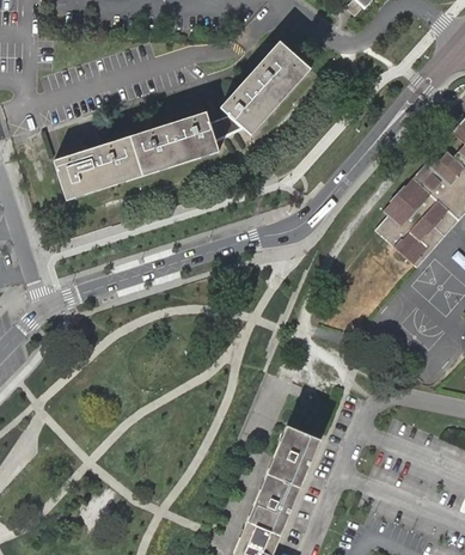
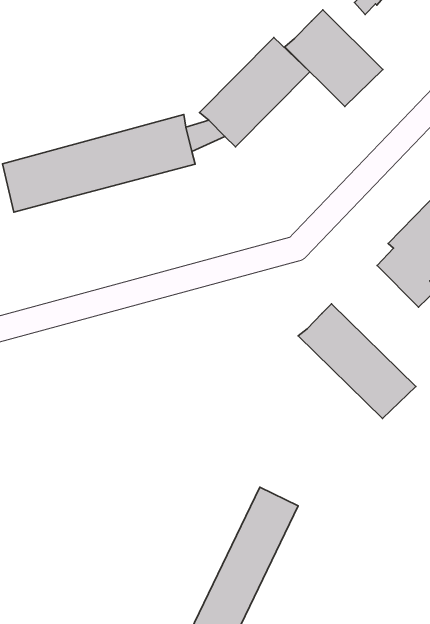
building: none -> [285,10,383,107]
building: none -> [298,304,416,419]

